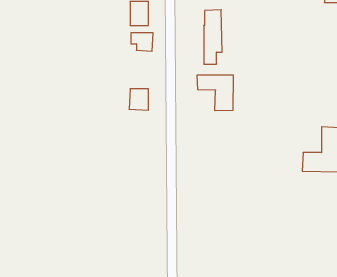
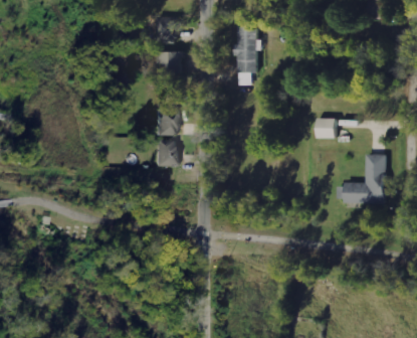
building: [197,75,233,111] -> none
building: none -> [318,118,337,138]
building: none -> [156,141,177,167]

